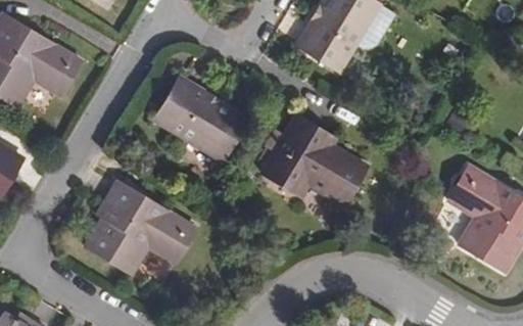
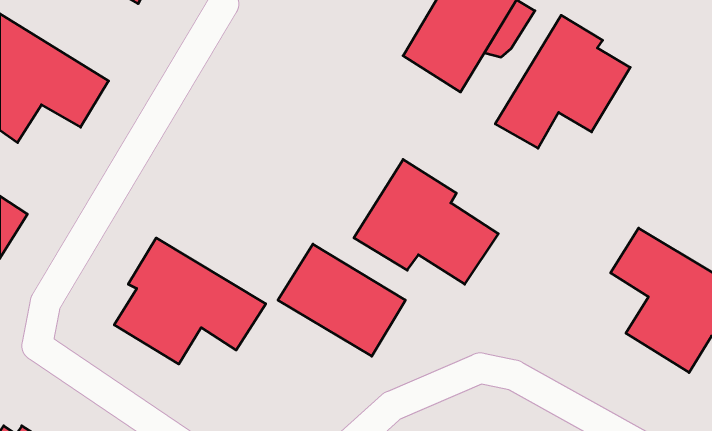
building: none -> [495,15,630,148]
building: [152,78,245,159] -> [278,244,405,356]

